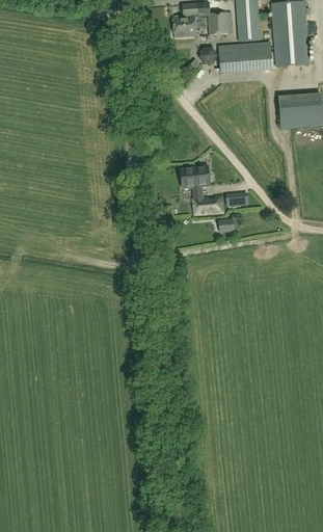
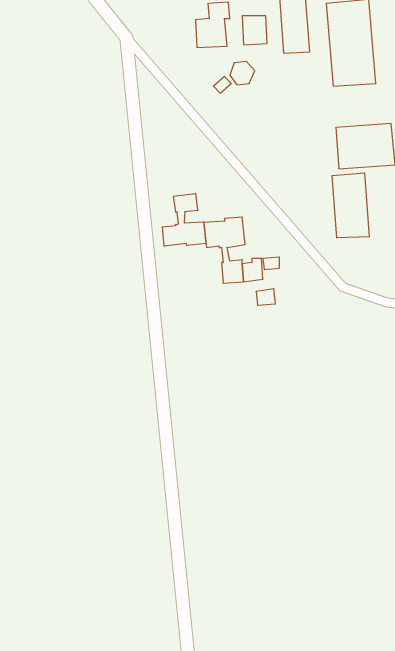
building: [222,47,274,73] -> none
building: none -> [332,173,369,238]
building: none -> [163,193,206,246]

